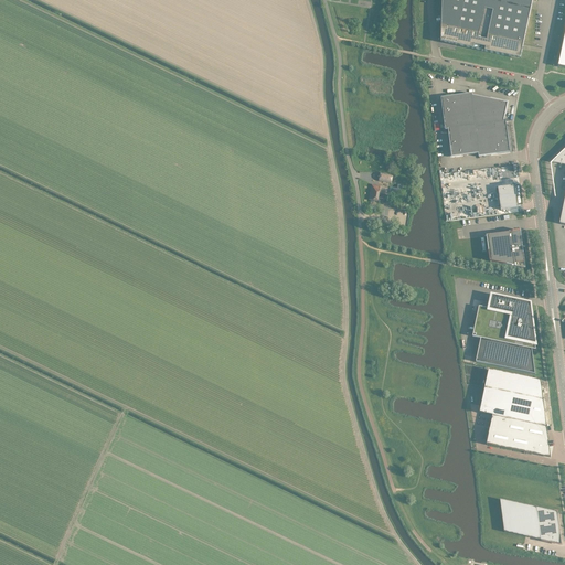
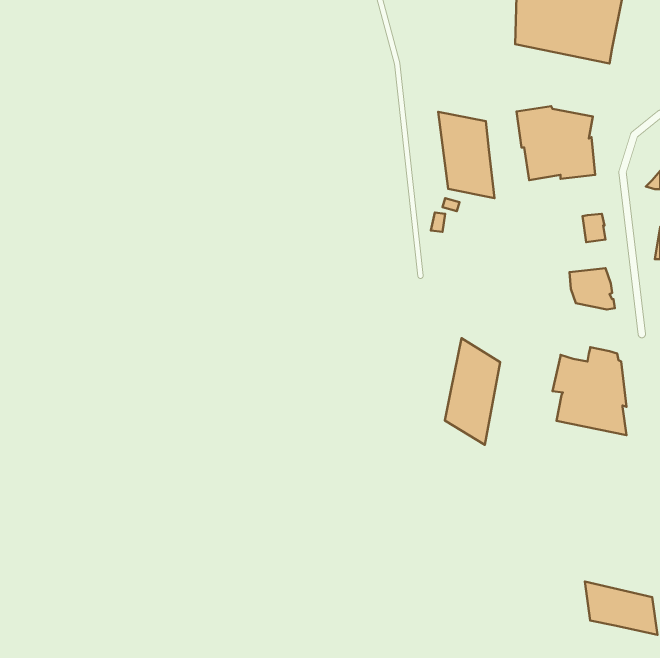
building: none -> [438,112,494,198]
building: none -> [445,338,500,445]
building: [478,366,550,455] -> none

